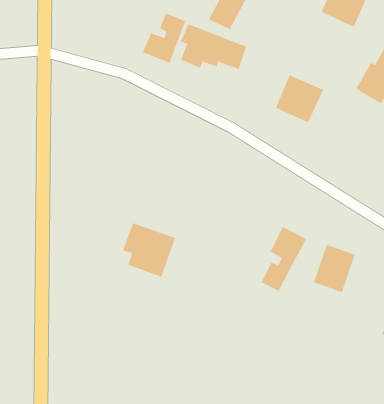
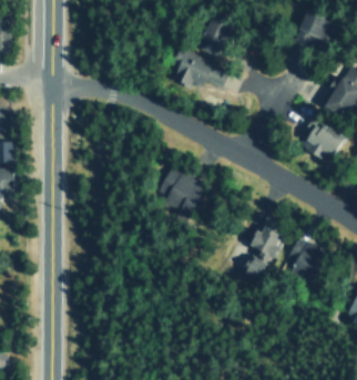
building: [142,13,186,63] -> none
building: [275,75,324,123] -> [302,120,344,162]
building: [122,222,176,278] -> [161,168,207,216]

